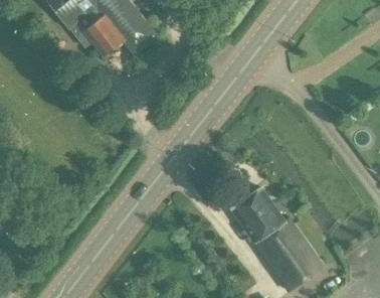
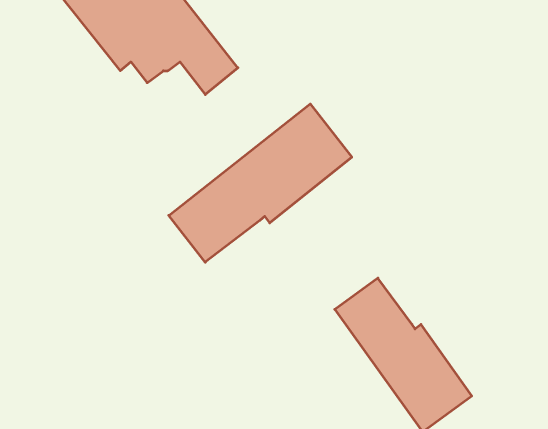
building: none -> [169,104,352,262]

